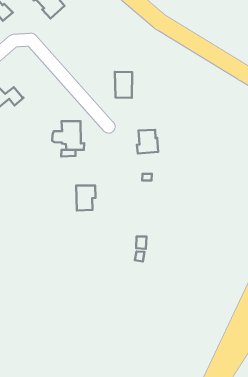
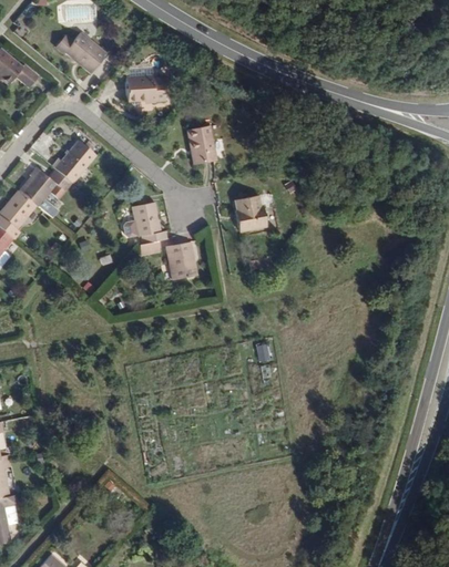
building: none -> [123,75,163,99]
building: none -> [50,141,93,183]
building: [76,186,96,210] -> [163,243,192,280]

